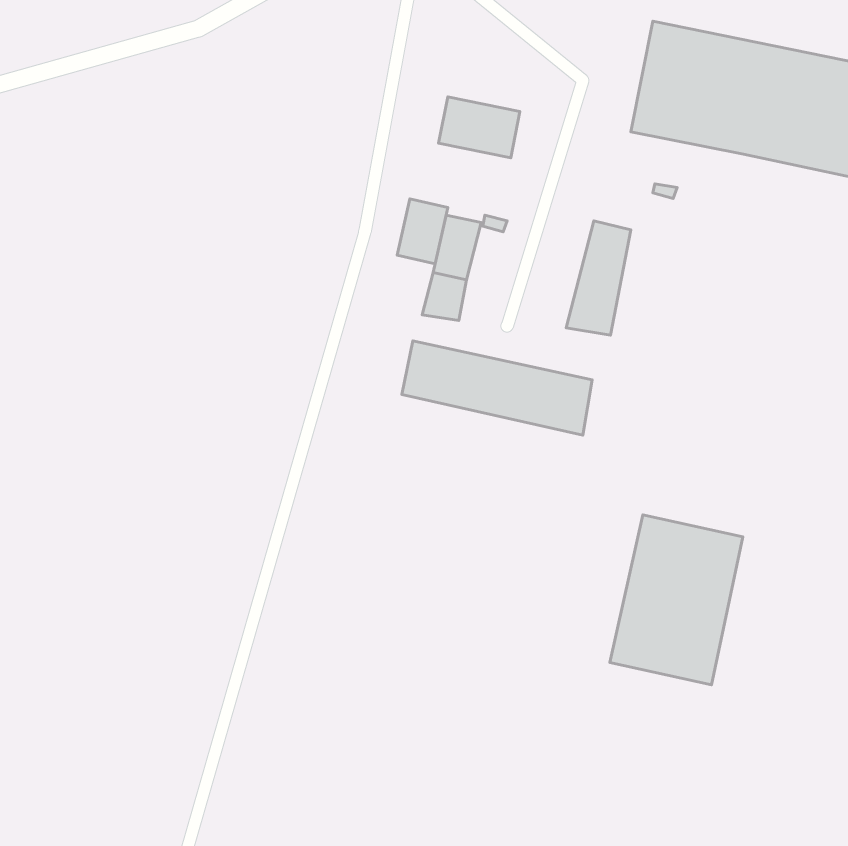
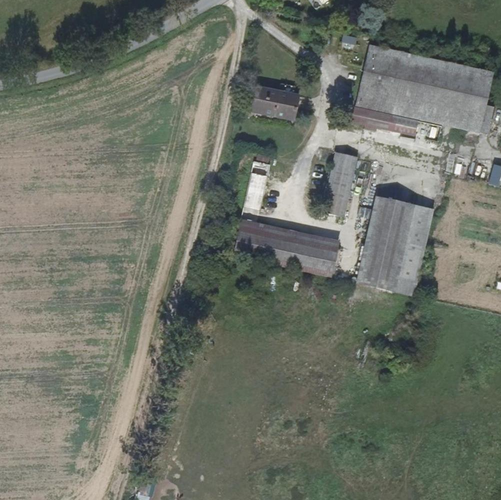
building: none -> [354,105,418,133]
building: [397,199,448,264] -> none
building: [610,515,743,685] -> [359,197,431,289]

